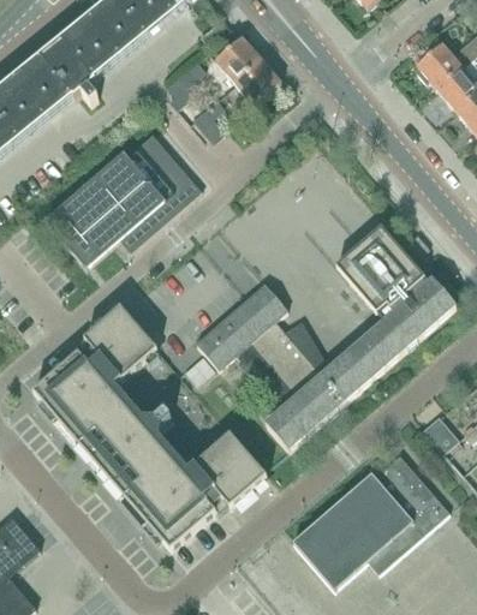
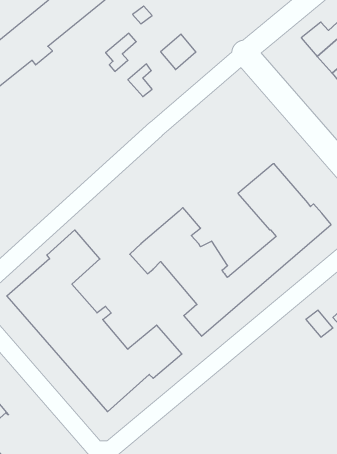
building: [216,36,262,82] -> none
building: [44,132,201,267] -> none
building: [292,453,449,589] -> none

